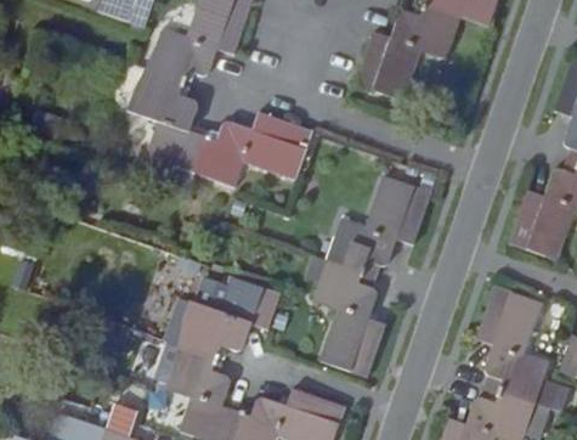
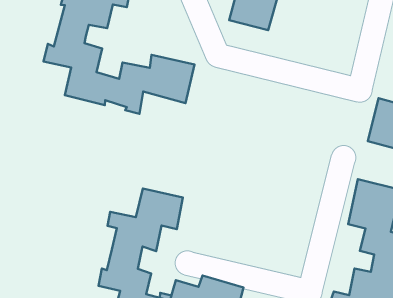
building: [306,177,429,376] -> none

